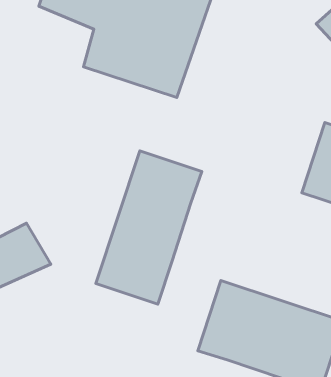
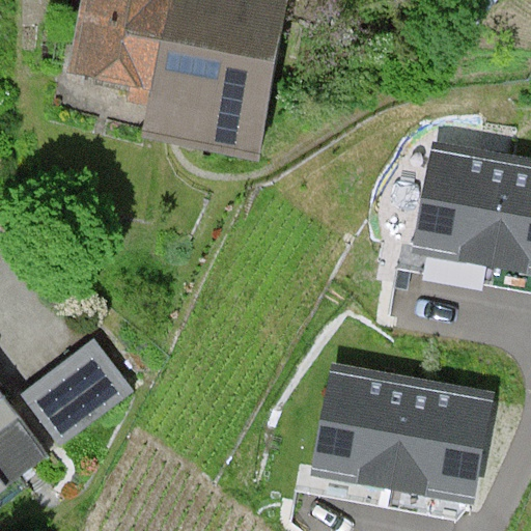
building: [96,151,202,304] -> none

